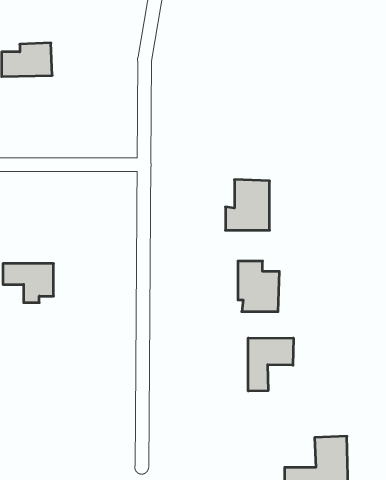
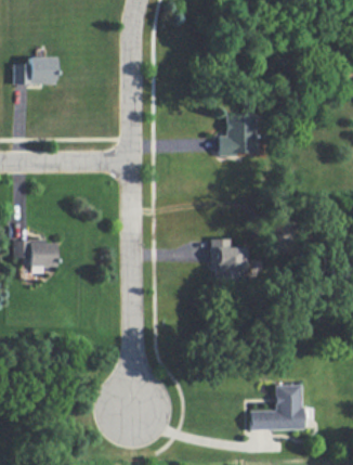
building: [225,180,270,230] -> [220,112,257,154]
building: [248,338,293,391] -> none

